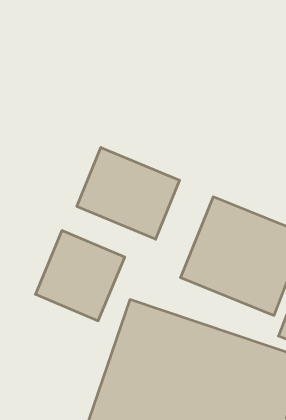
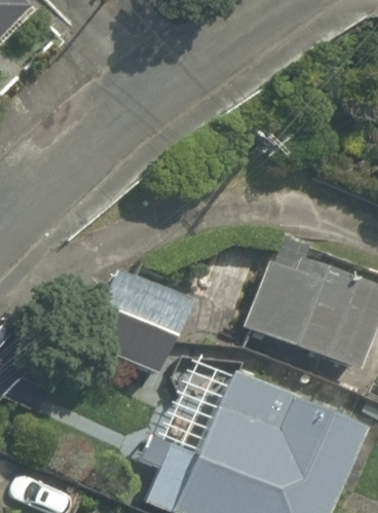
building: [77,147,180,239] -> none

